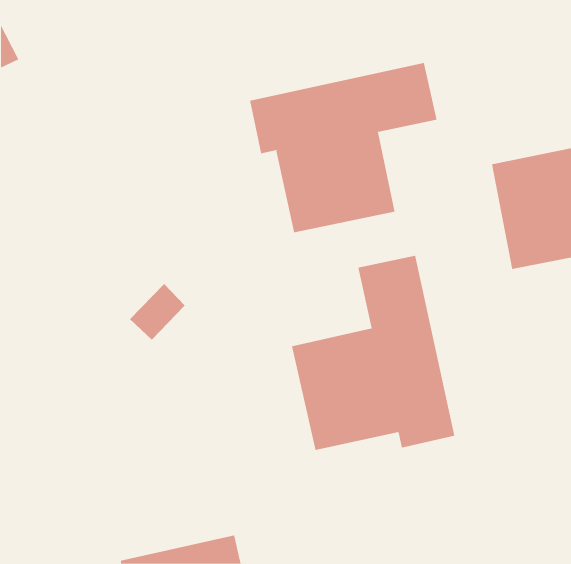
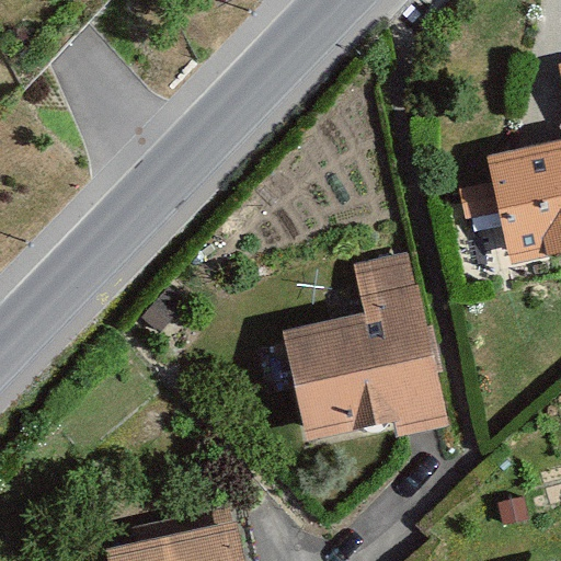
building: [250,62,437,233] -> none

